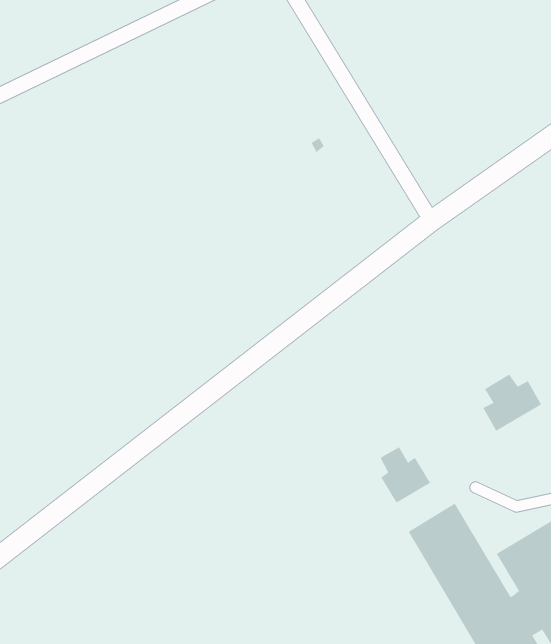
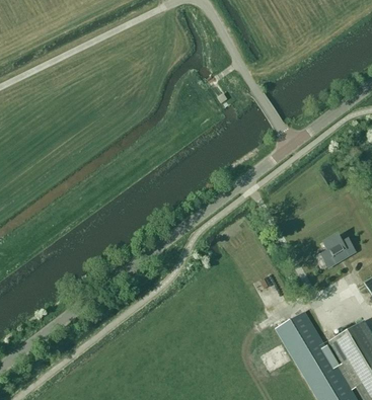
building: [380,446,431,504] -> none

